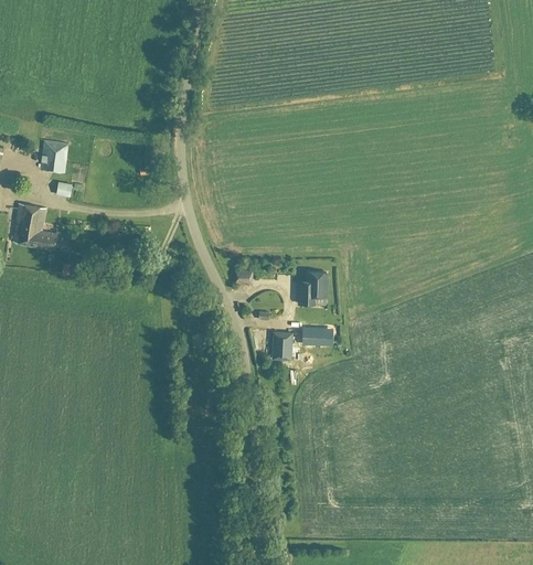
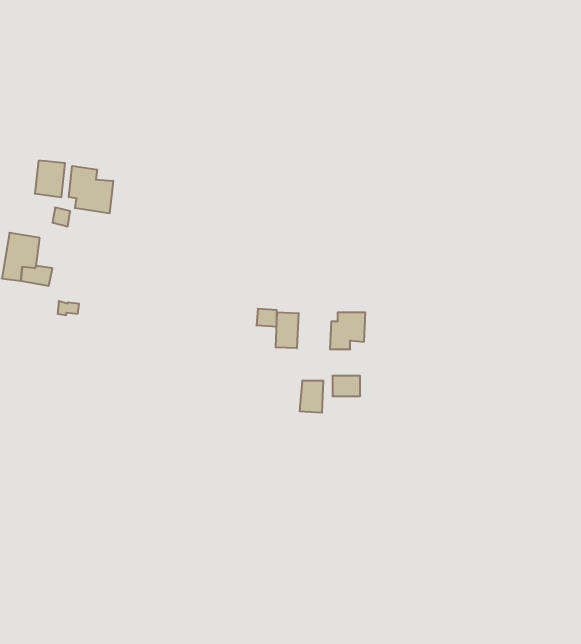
building: none -> [69,166,113,213]
building: none -> [276,312,299,348]

